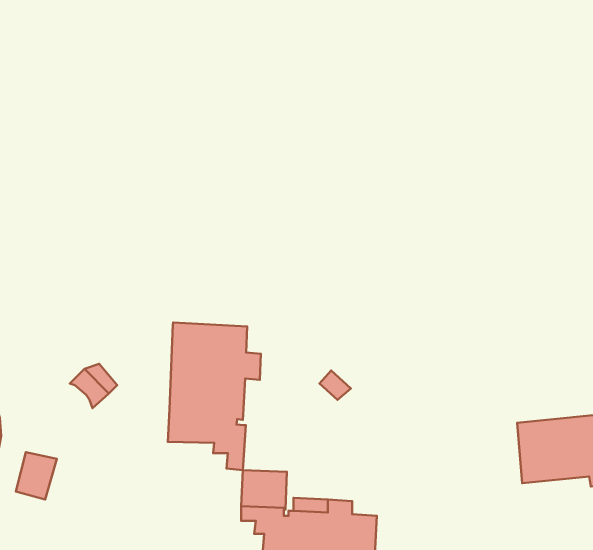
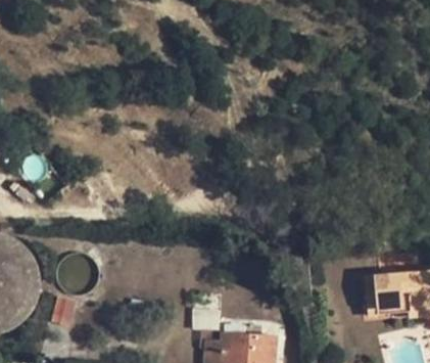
building: [168,323,261,470] -> none

